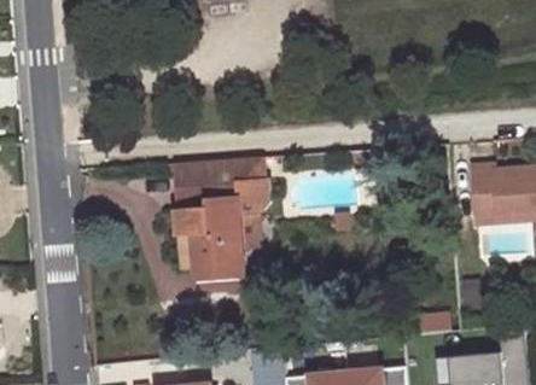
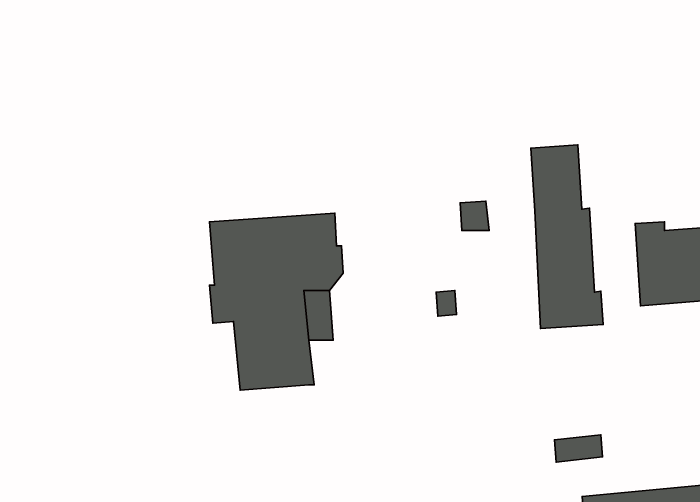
building: none -> [531,145,603,328]

